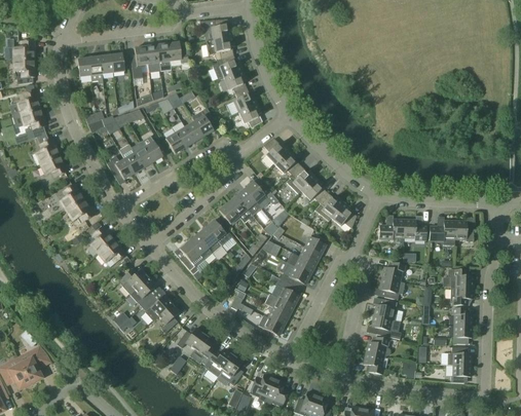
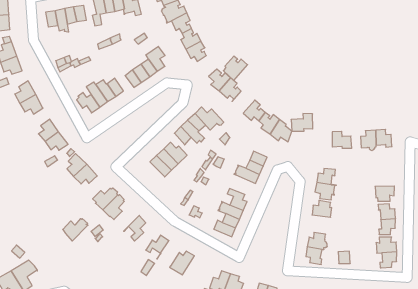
building: [286,166,314,195] -> [223,56,248,81]
building: [377,220,403,240] -> [291,114,313,131]
building: [179,242,203,275] -> none
building: [278,264,309,288] -> none
building: [446,270,472,289] -> none
building: [141,296,171,322] -> [63,219,88,241]
building: [371,316,400,340] -> none
building: [188,335,215,366] -> none
building: [215,355,241,386] -> none

